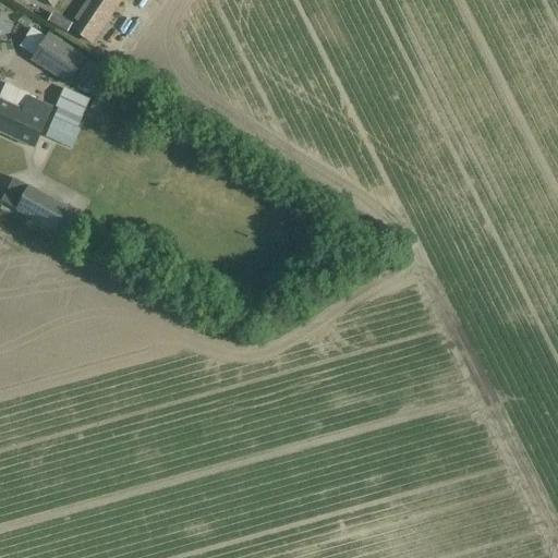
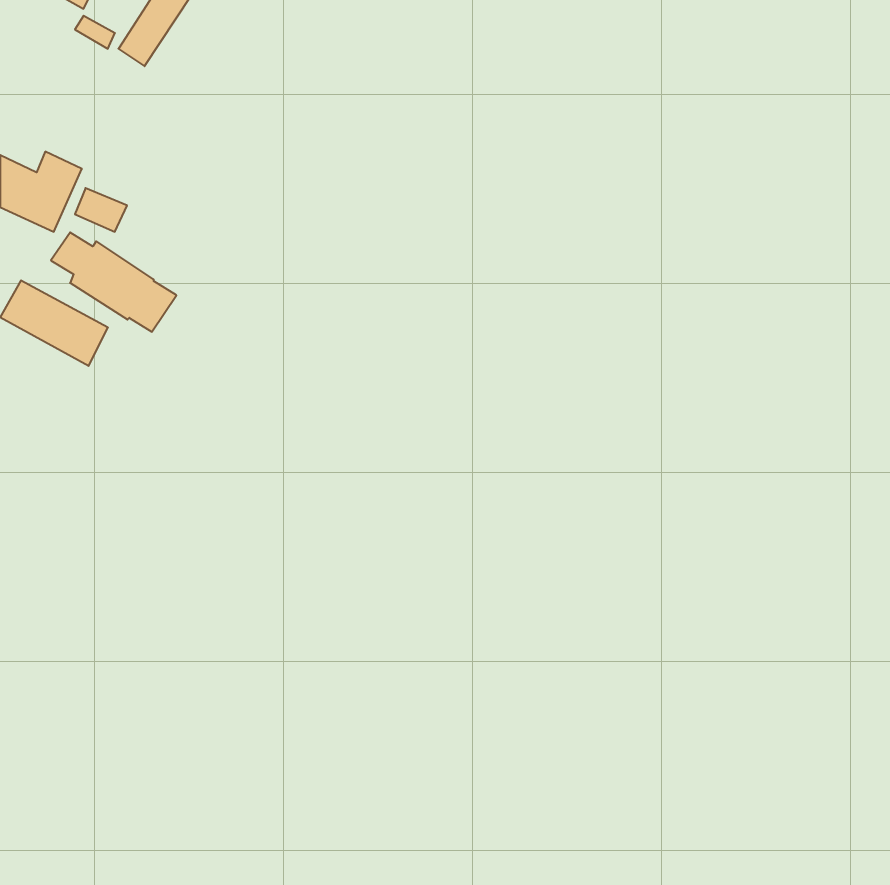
building: [20,26,98,88] -> [51,232,176,332]
building: [54,86,89,125] -> none

